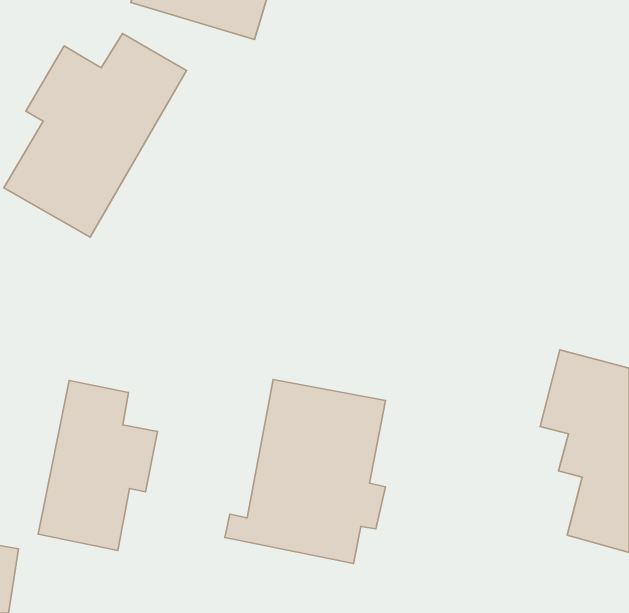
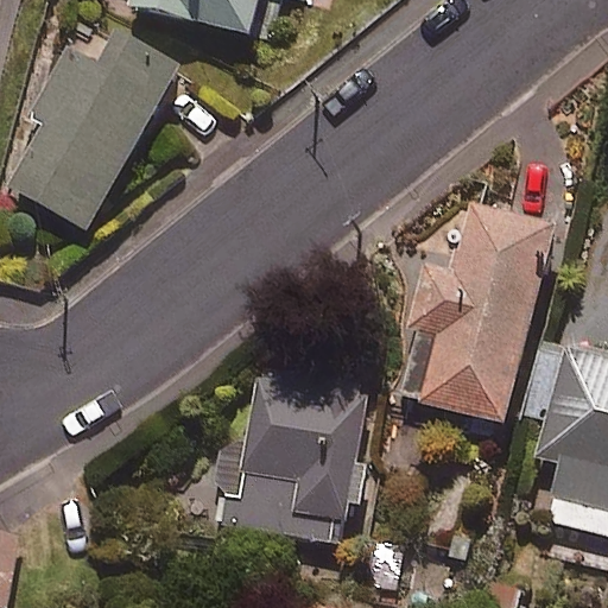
building: none -> [406,203,559,426]
building: [38,381,157,551] -> none

